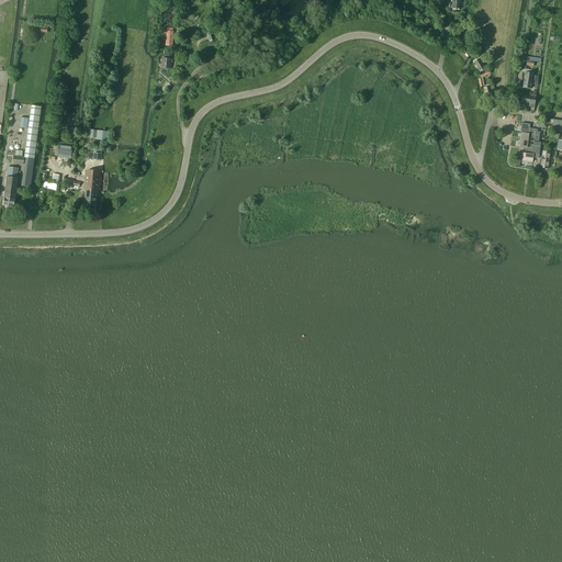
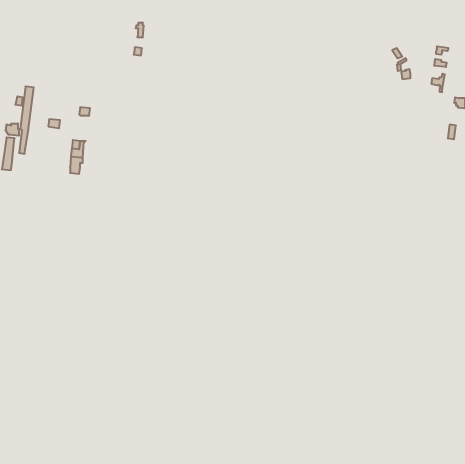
building: [519,122,541,161] -> none

